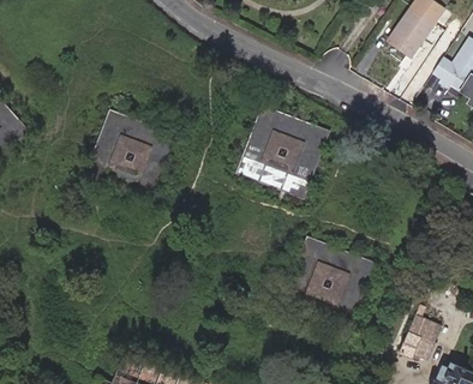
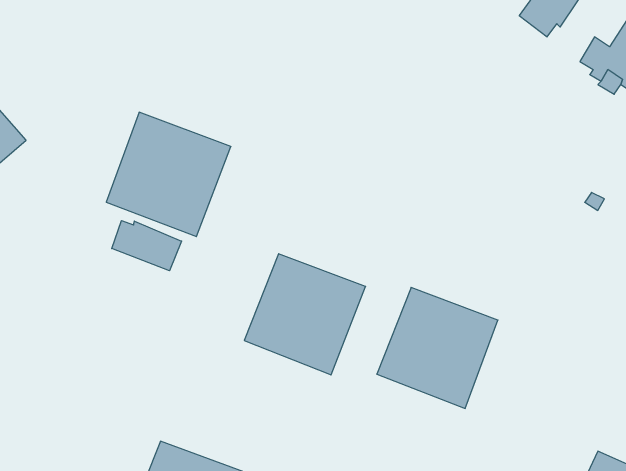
building: [239,108,328,197] -> [244,254,366,375]
building: none -> [112,221,182,271]
building: [399,304,442,360] -> none

